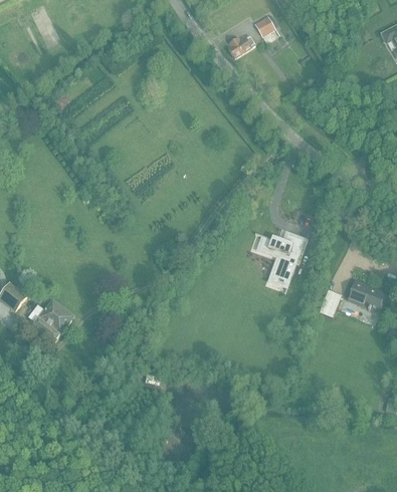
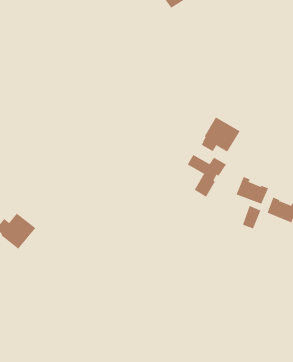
building: none -> [201,117,241,152]
building: none -> [236,176,269,205]

